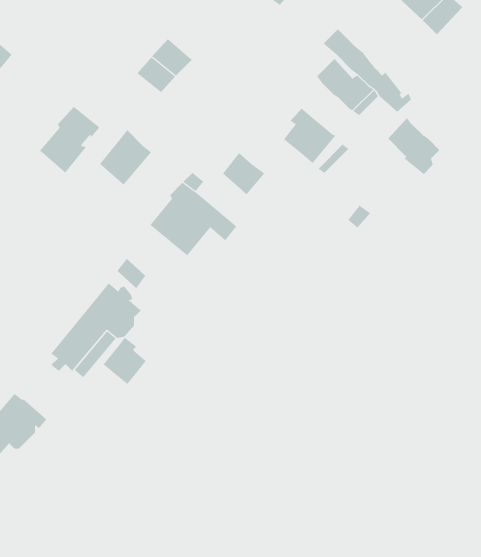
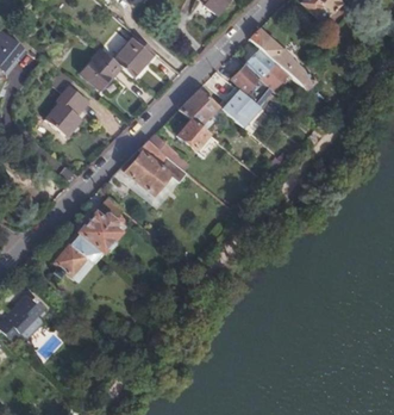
building: none -> [179,88,219,126]
building: [387,117,440,175] -> [231,63,269,105]
building: [99,129,152,185] -> [83,49,121,89]
building: [102,337,147,385] -> none

